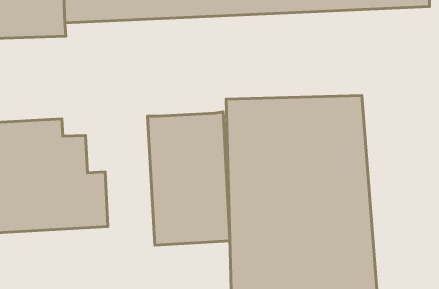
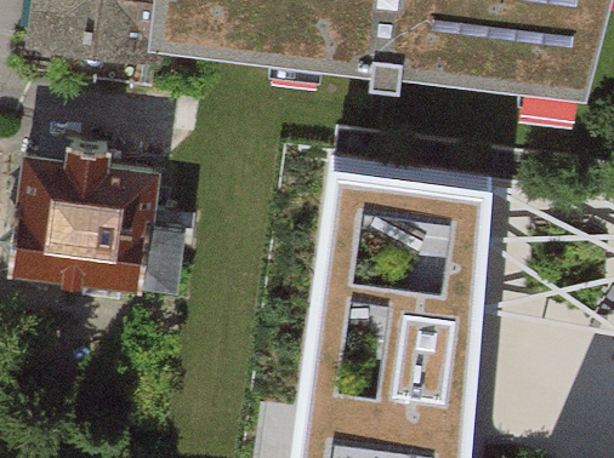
building: [147,112,230,245] -> none

